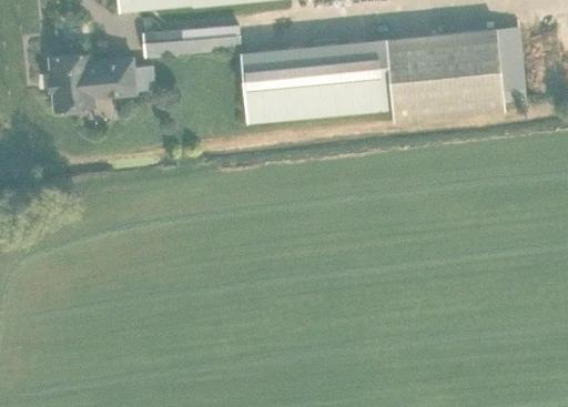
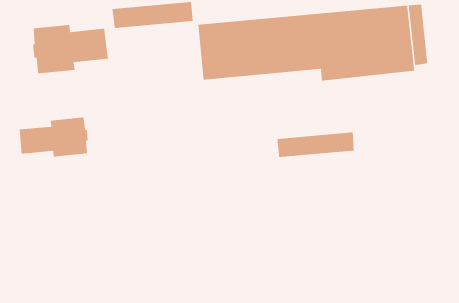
building: none -> [19,117,88,158]
building: none -> [277,132,354,158]

